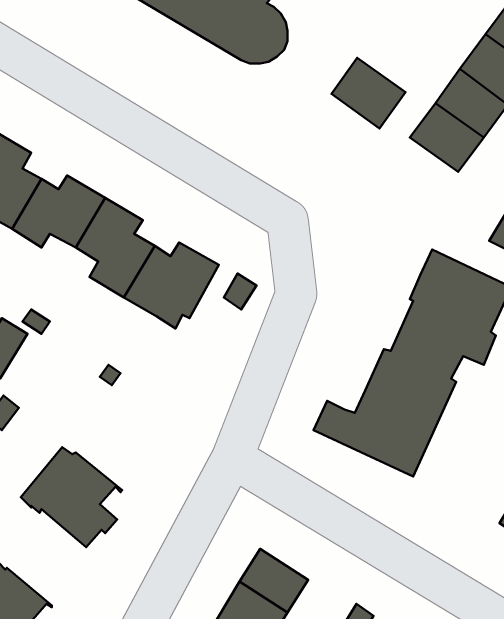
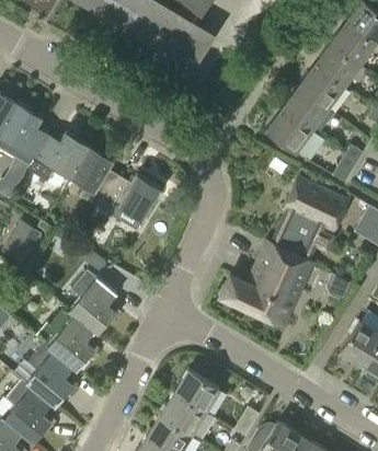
building: [331,58,405,128] -> [266,108,313,153]
building: none -> [70,270,117,333]
building: none -> [26,343,77,406]

